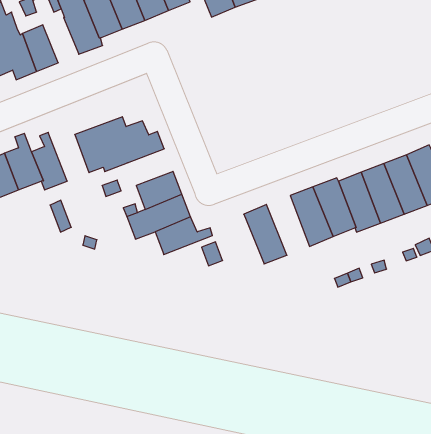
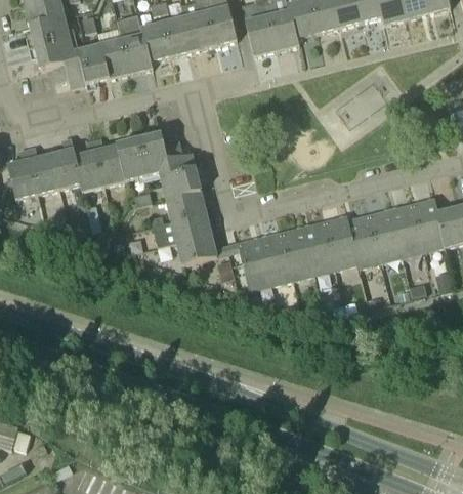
building: none -> [101,39,130,79]
building: none -> [93,138,125,187]
building: none -> [161,169,201,199]
building: none -> [281,227,314,280]
building: none -> [238,238,271,291]

